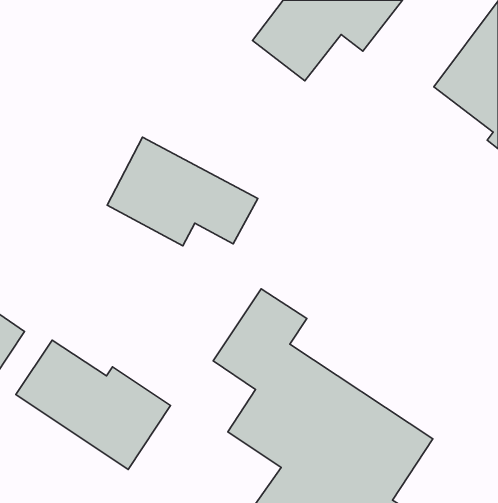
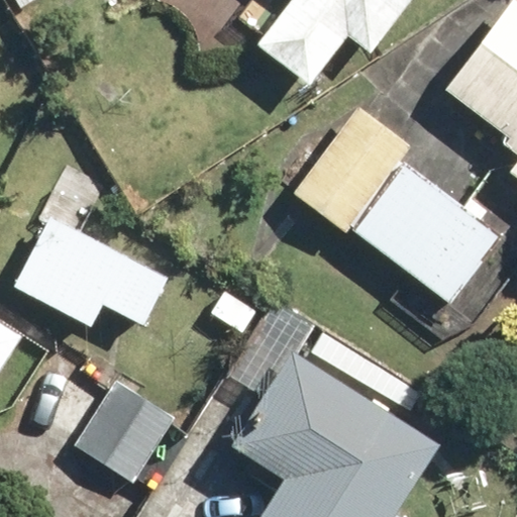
building: none -> [291,106,502,305]
building: [107,137,258,246] -> [16,216,171,327]

